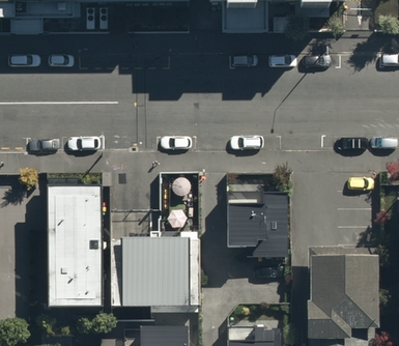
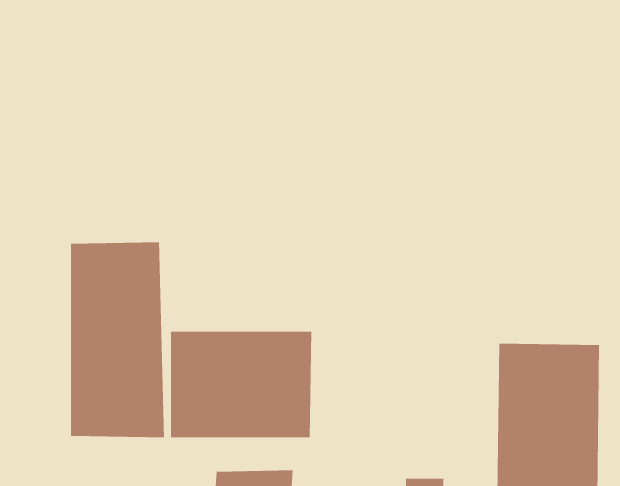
building: [226,190,291,254] -> none

